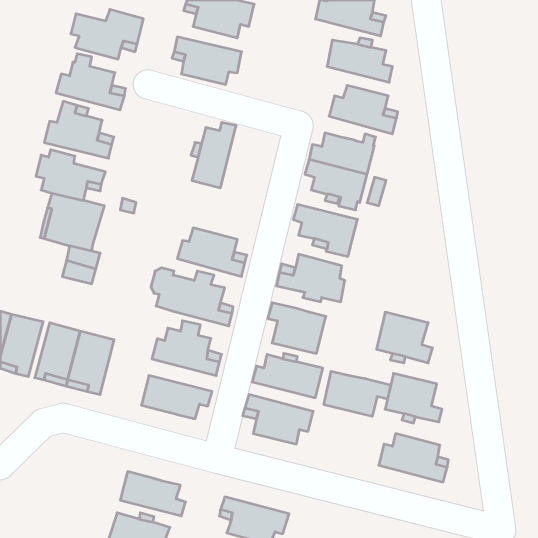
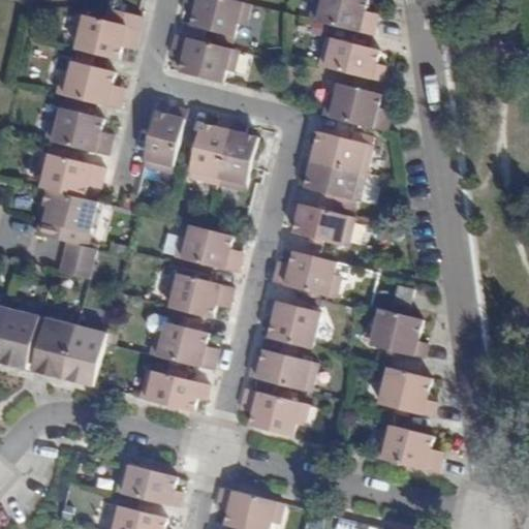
building: none -> [143,108,186,173]
building: none -> [217,124,258,191]
building: [324,371,390,416] -> none

